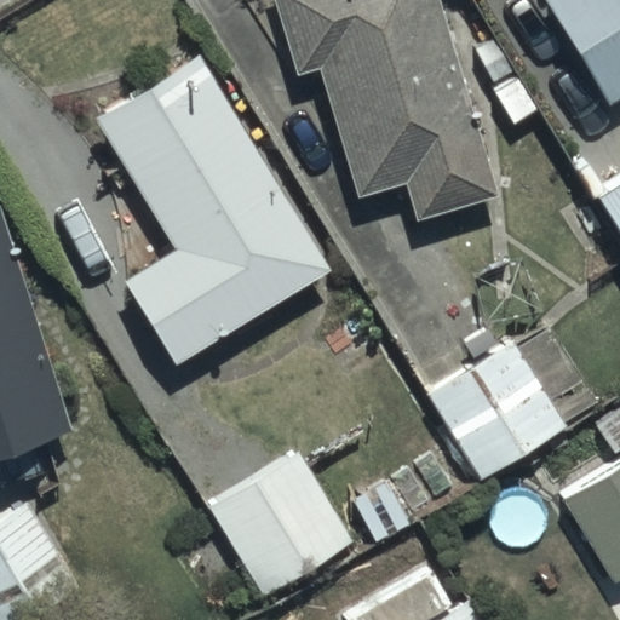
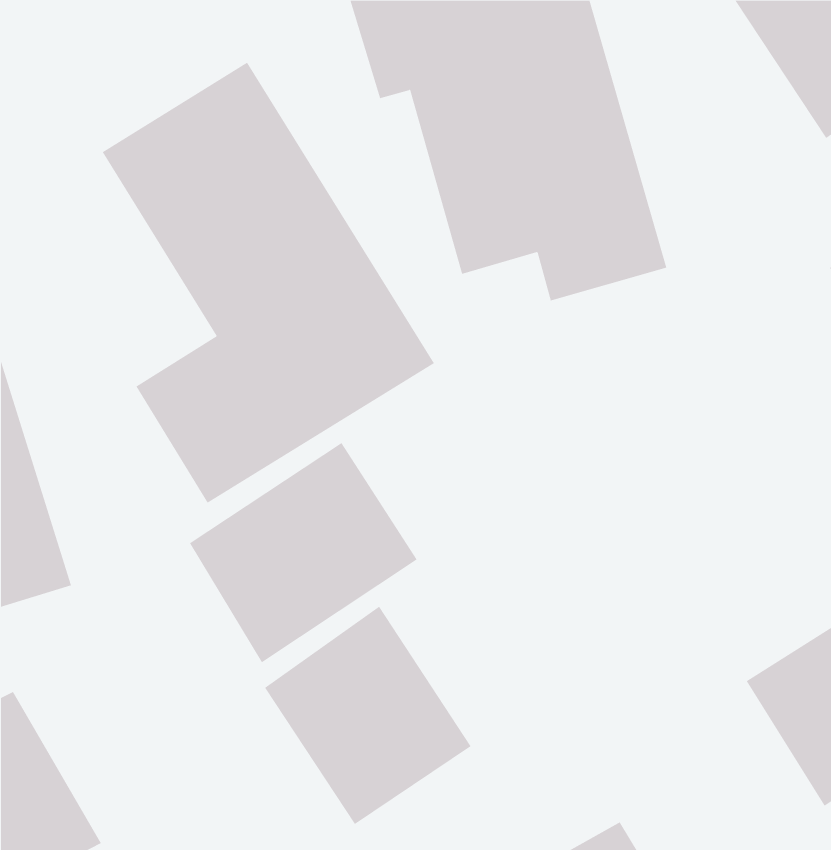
building: none -> [189,442,417,663]
building: [431,340,566,480] -> none

